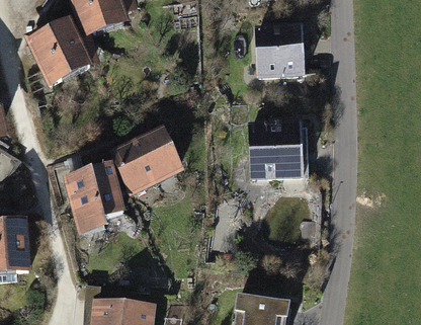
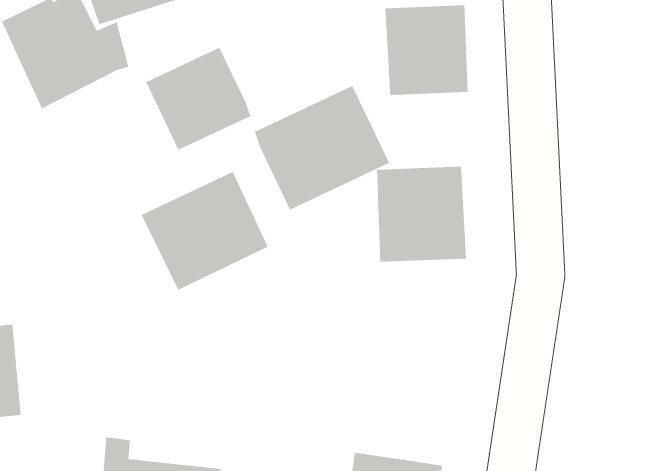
building: none -> [145,47,251,151]
building: none -> [254,85,390,210]
building: [61,162,124,235] -> none

